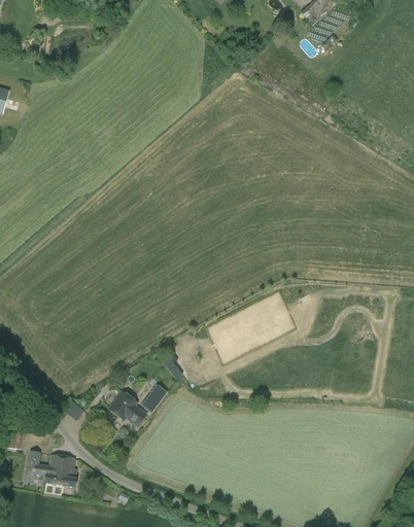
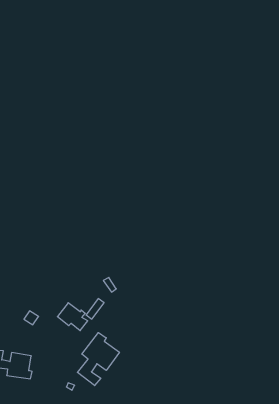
building: none -> [77,333,119,386]

